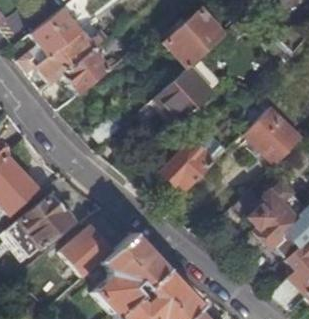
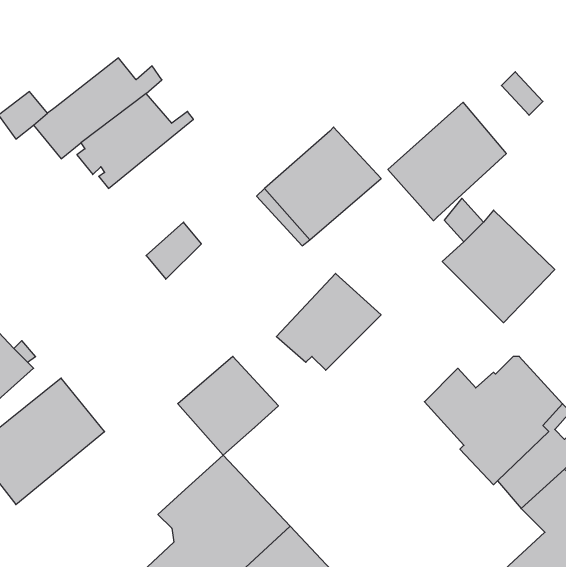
building: [31,8,81,56] -> none
building: [165,8,225,68] -> [388,102,506,221]
building: [62,226,113,276] -> [178,356,278,455]

